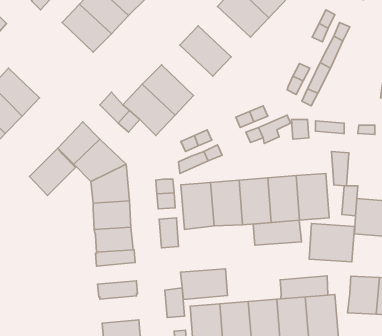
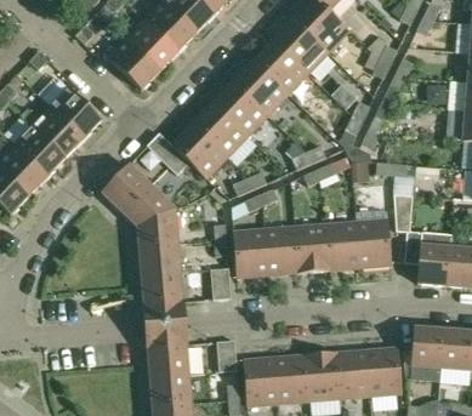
building: none -> [251,41,307,95]
building: none -> [212,82,267,136]
building: none -> [50,86,102,138]
building: [30,148,76,196] -> none
building: [253,220,302,245] -> none
building: [309,224,354,262] -> none
building: [180,269,227,300] -> none
building: [280,276,328,299] -> none
building: none -> [147,348,188,377]

